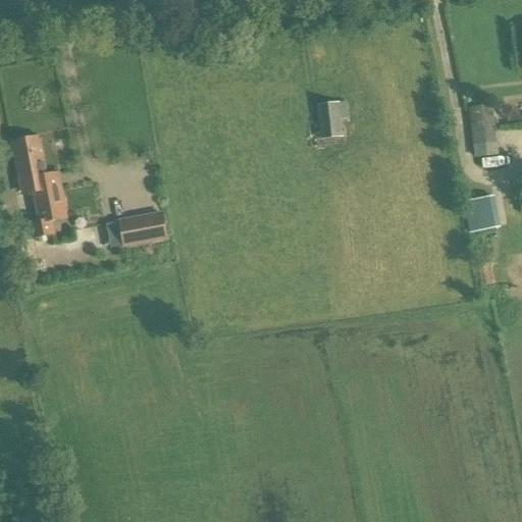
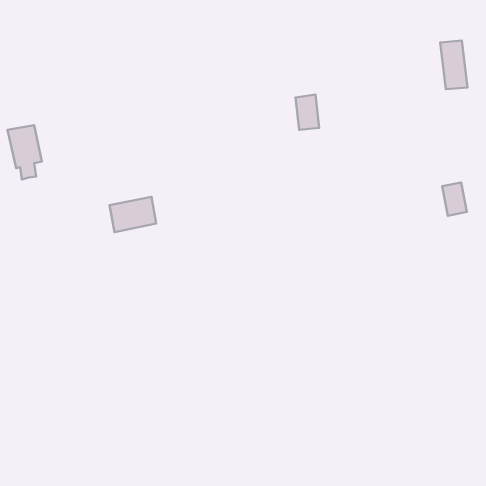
building: [469,104,499,156] -> [440,41,468,89]
building: [30,170,66,236] -> none

